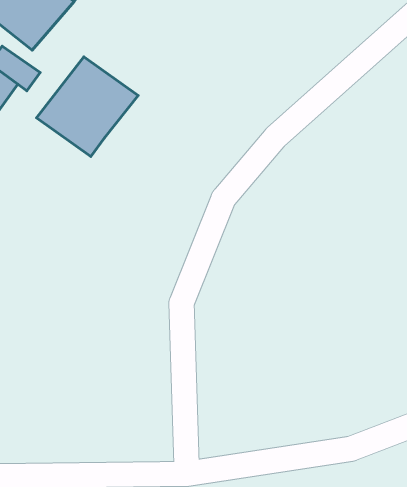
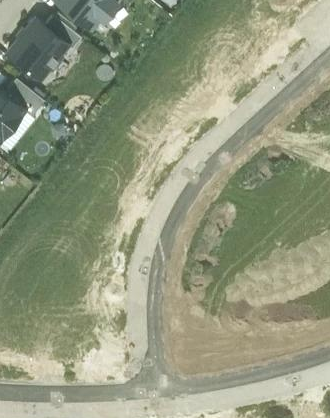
building: [37,57,138,156] -> none

